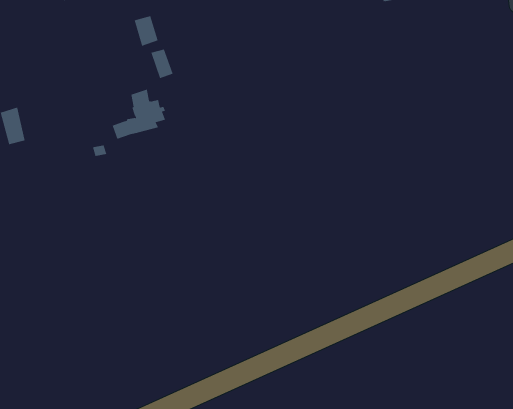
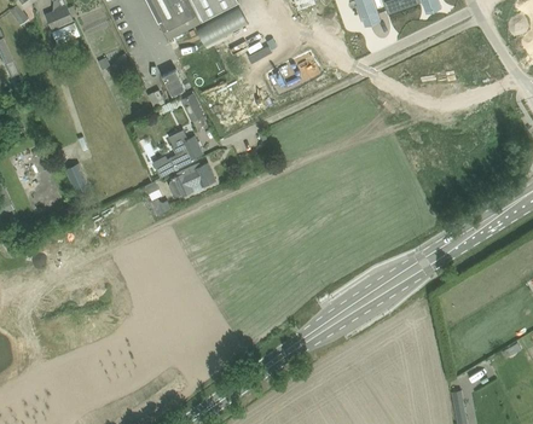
building: none -> [168,163,214,197]

